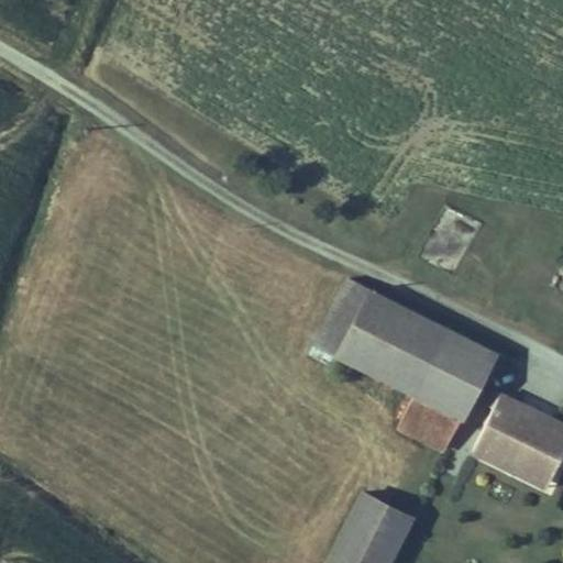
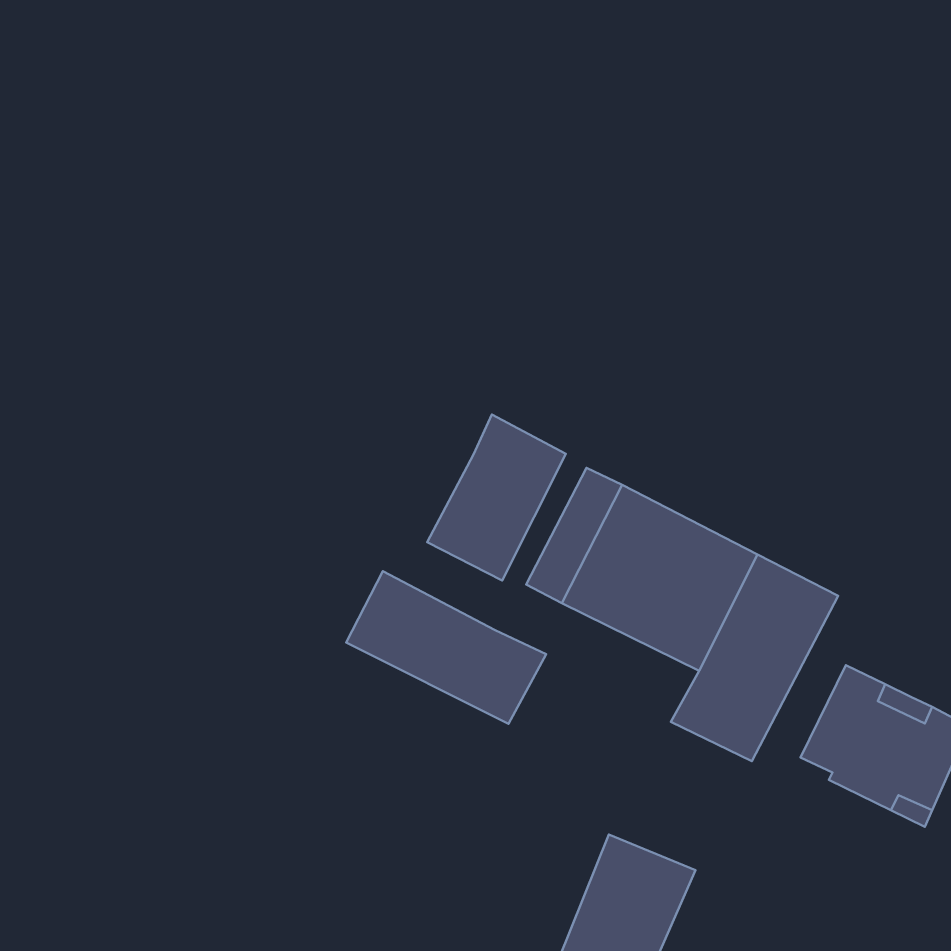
building: none -> [427,415,566,581]
building: none -> [346,571,546,724]

